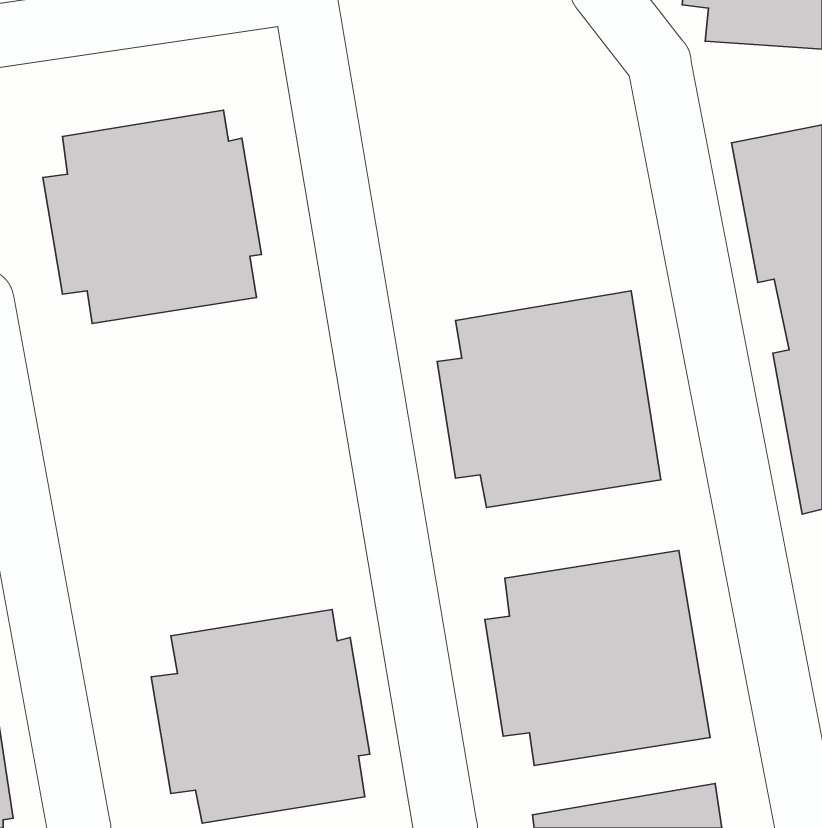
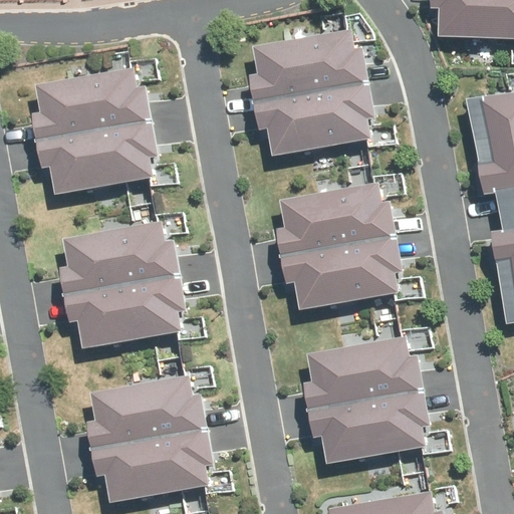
building: none -> [239,24,376,156]
building: none -> [62,219,195,349]

